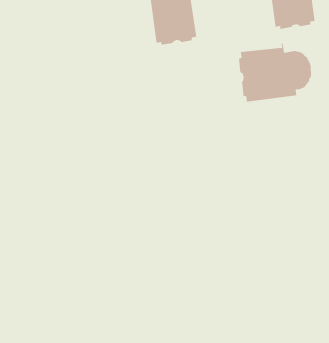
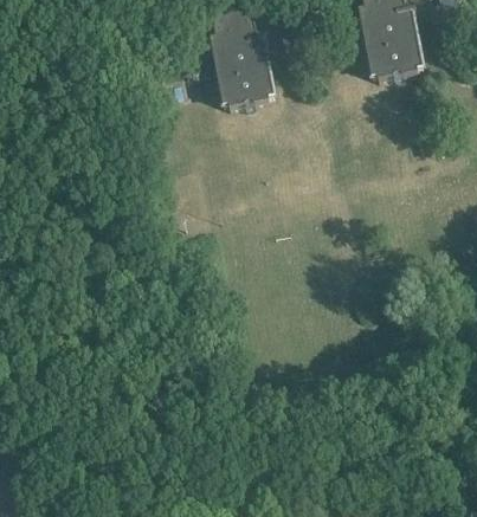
building: [238,43,312,103] -> none

